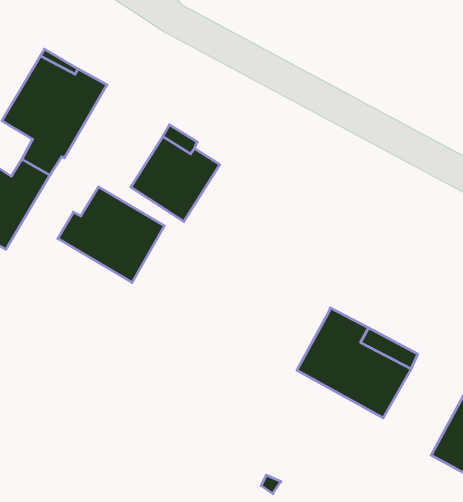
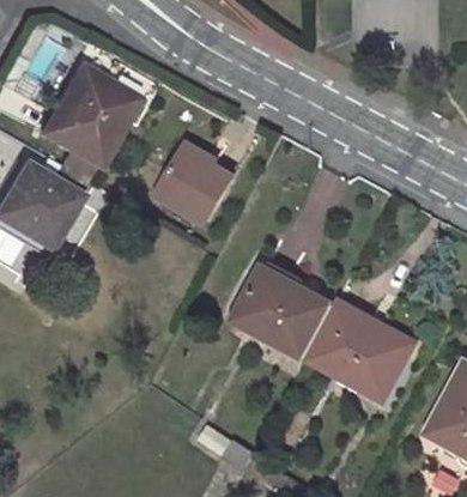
building: [58,187,164,283] -> none
building: none -> [234,267,334,358]

